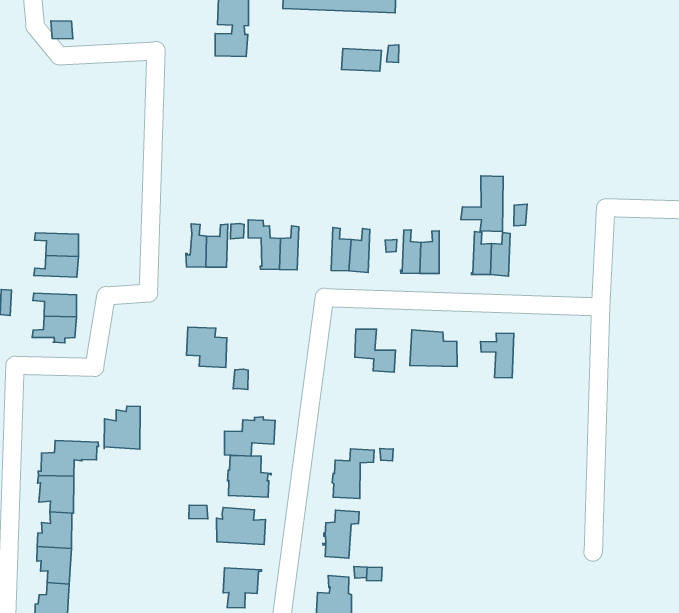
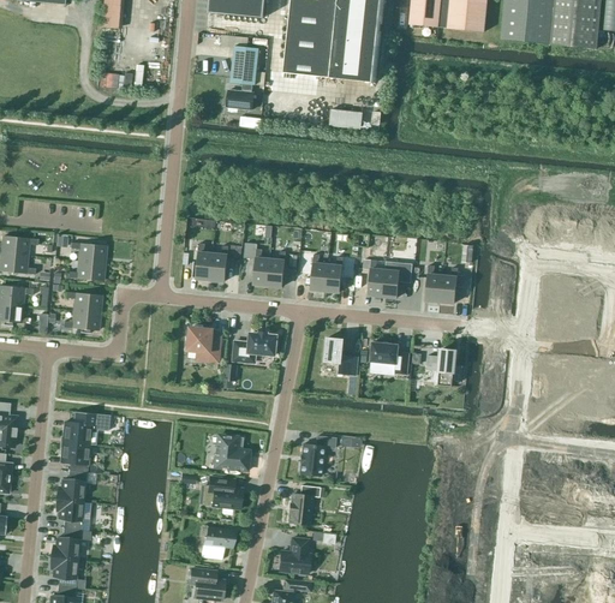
building: [461,176,503,231] -> none
building: [104,406,140,449] -> none
building: [224,417,275,456] -> [233,332,276,363]

